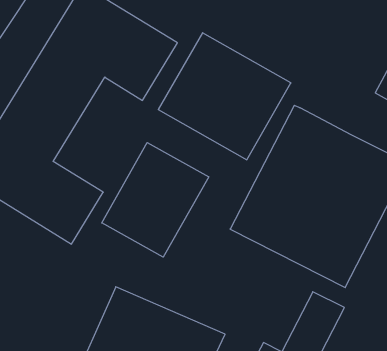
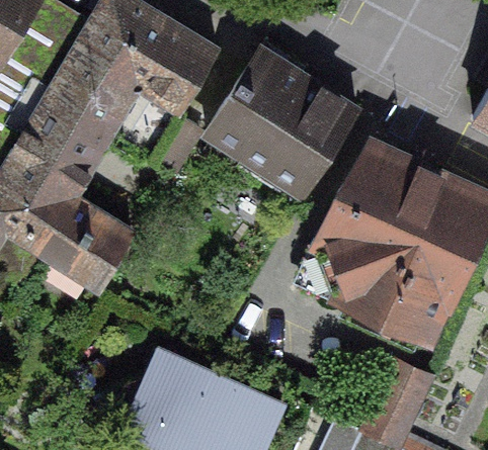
building: [102,143,209,257] -> none

